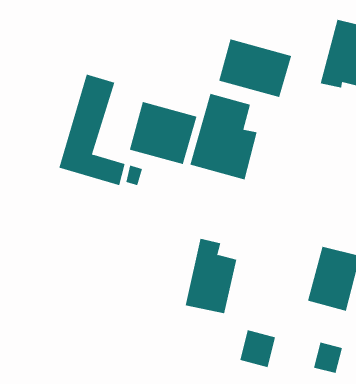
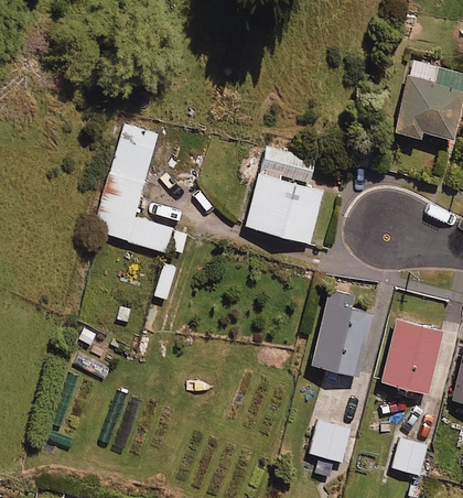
building: [219,38,292,98] -> none
building: [129,101,197,165] -> none
building: [185,238,237,314] -> [311,290,372,377]

